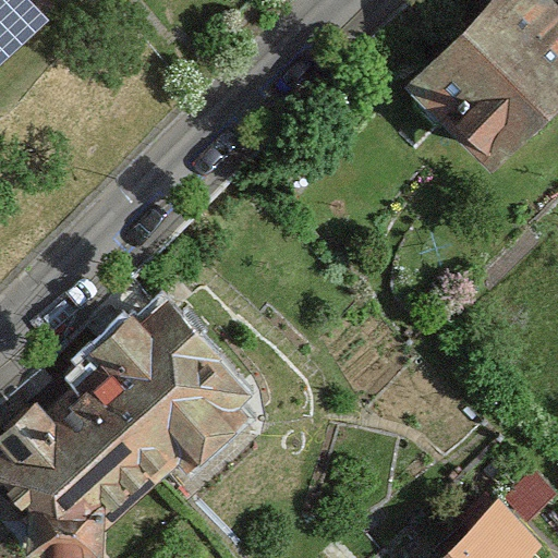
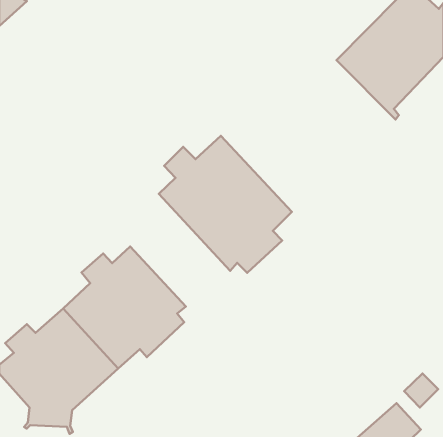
building: none -> [159,136,292,273]

